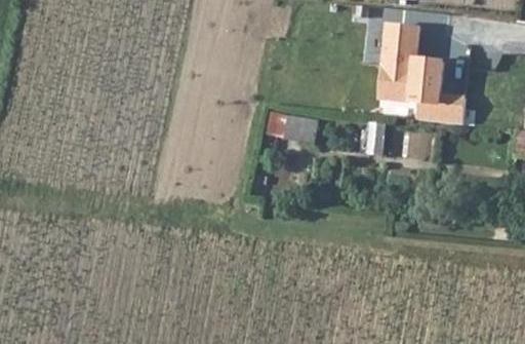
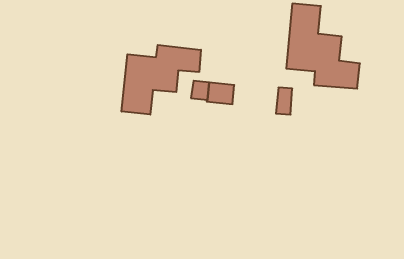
building: none -> [122,45,201,115]

